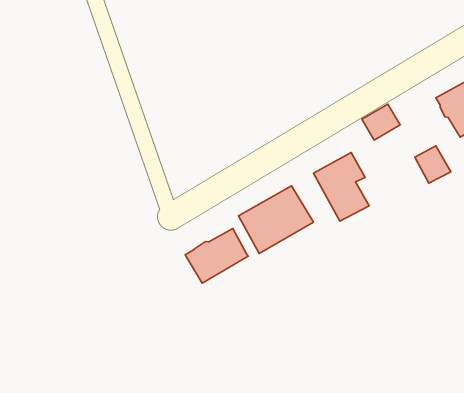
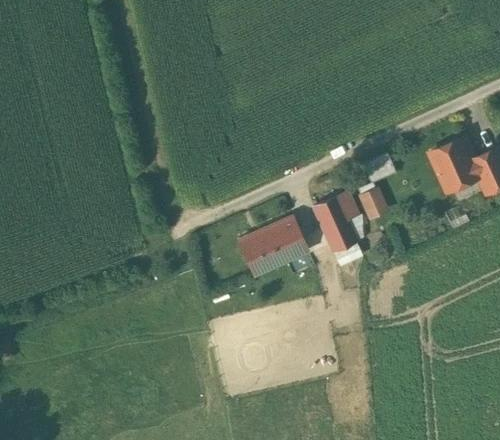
building: [415,146,451,183] -> [359,188,390,221]
building: [185,229,248,283] -> none

